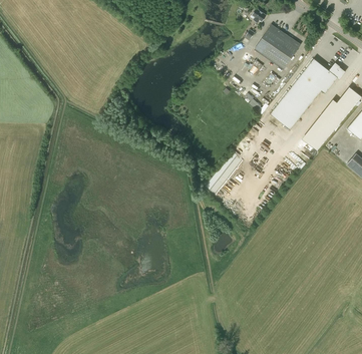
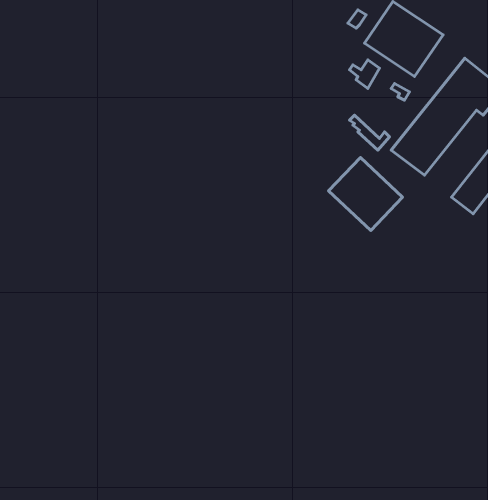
building: none -> [329,157,403,231]

